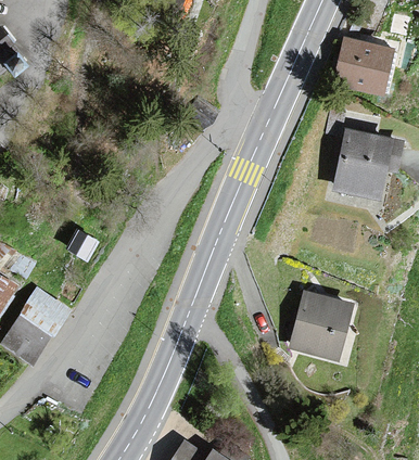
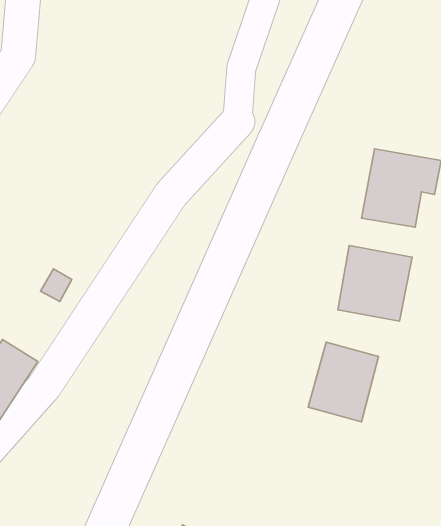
building: [334,40,392,91] -> none
building: none -> [338,245,412,321]

